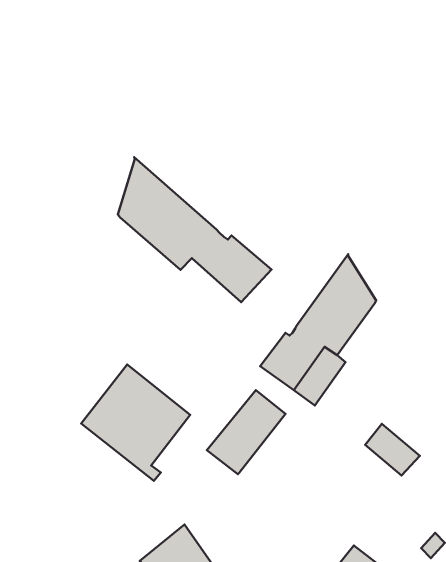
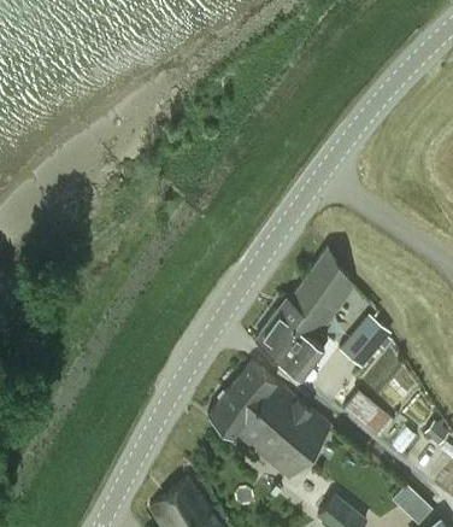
building: [118,157,271,302] -> none
building: none -> [339,315,392,369]
building: [81,365,190,481] -> [236,383,330,484]

